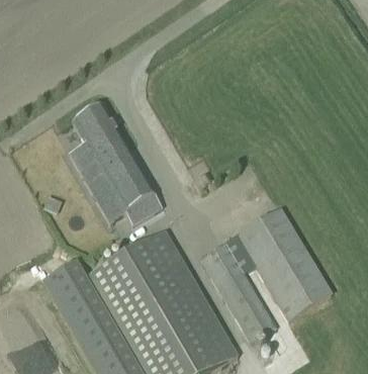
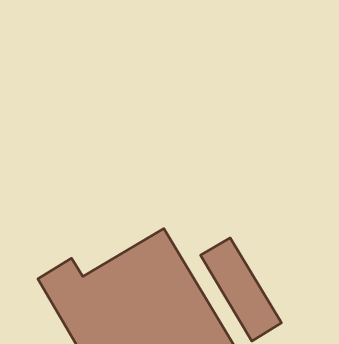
building: [71,101,162,222] -> none
building: [238,208,330,317] -> none

